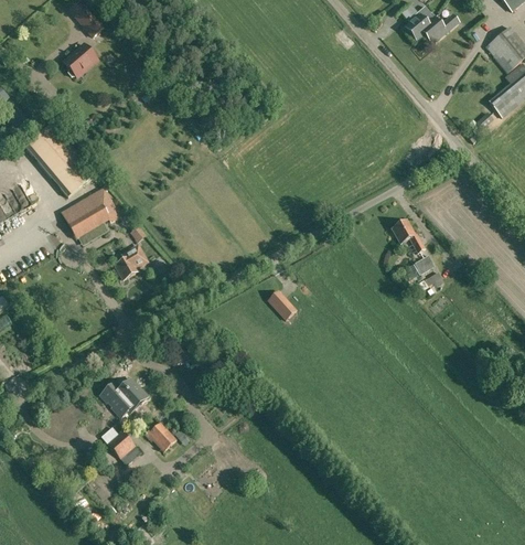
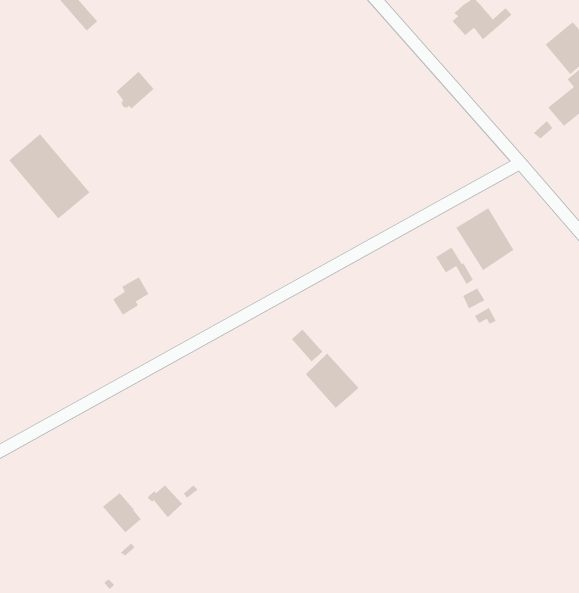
building: [64,44,97,77] -> [116,71,154,109]
building: none -> [455,207,515,271]
building: [62,188,120,238] -> none
building: none -> [305,353,359,409]
building: [99,378,148,418] -> none

